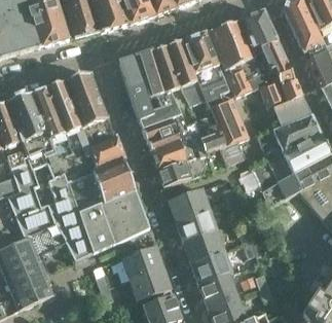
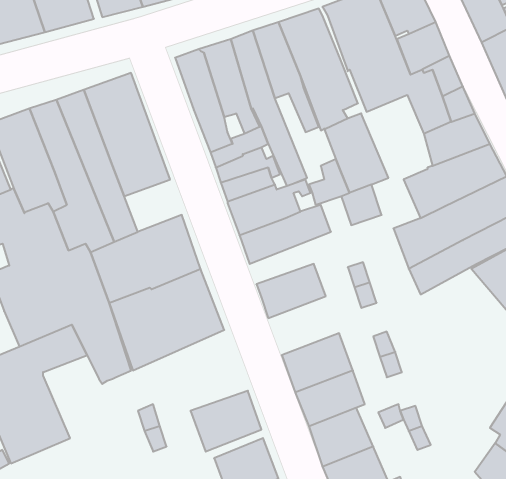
building: [87,135,123,168] -> none
building: [175,207,218,243] -> none
building: [120,245,162,277] -> none

